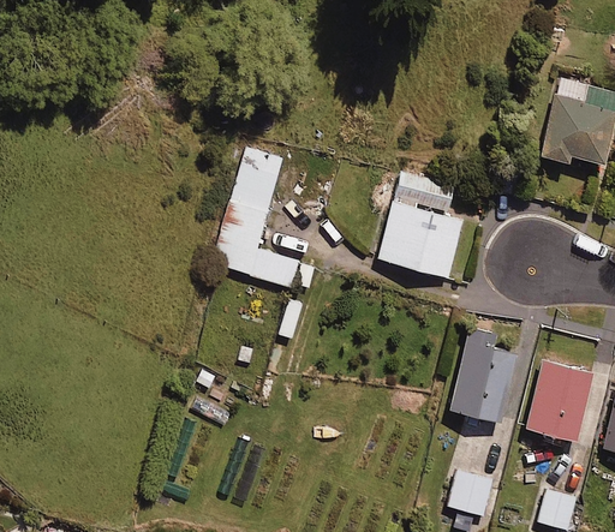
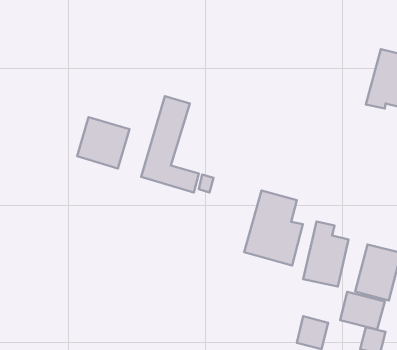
building: [377,169,462,279] -> [244,190,303,265]
building: none -> [77,117,130,169]
building: none -> [340,292,385,330]

